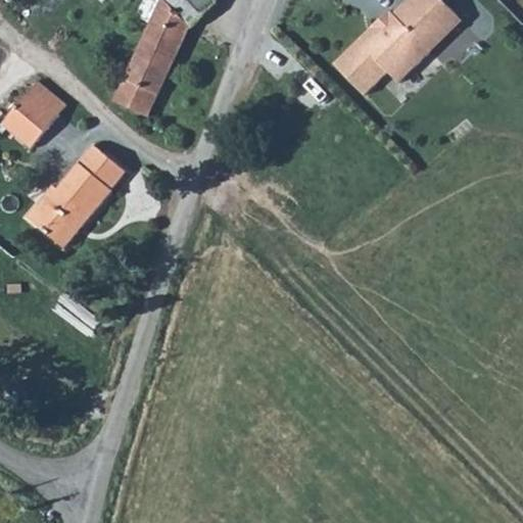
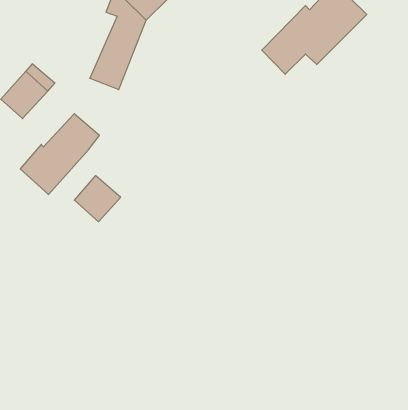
building: none -> [74,176,121,222]

